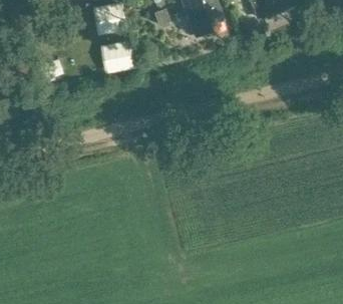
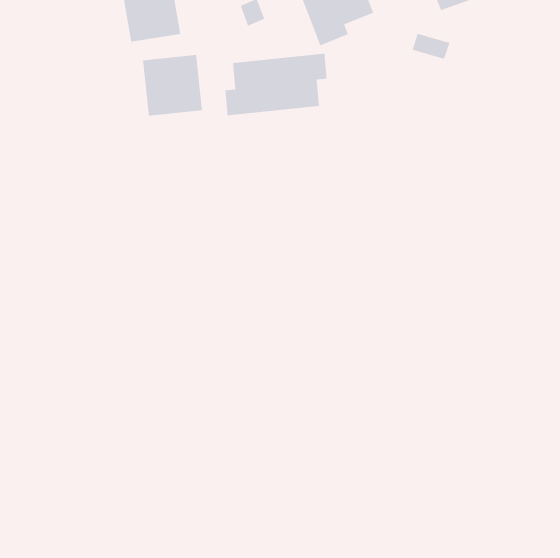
building: none -> [225,53,327,116]

